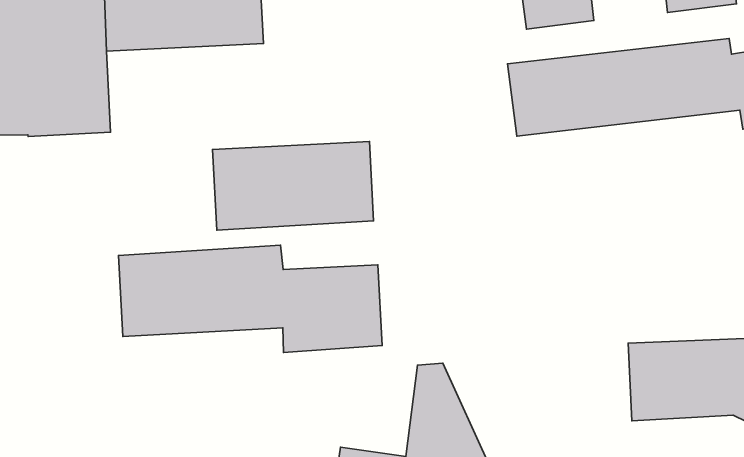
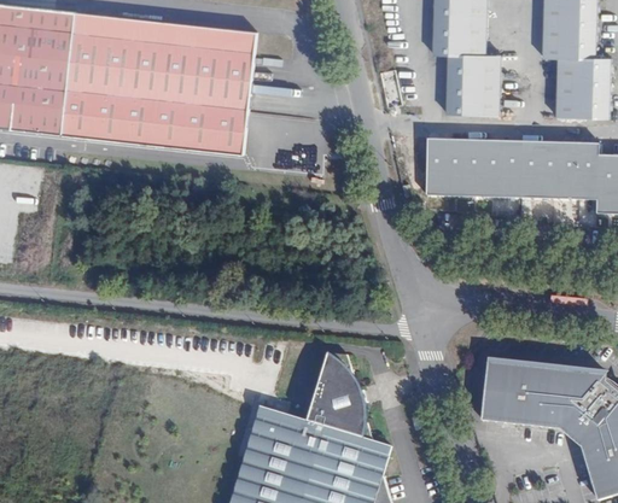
building: [213,142,374,230] -> [121,82,246,154]
building: [119,245,382,352] -> none

